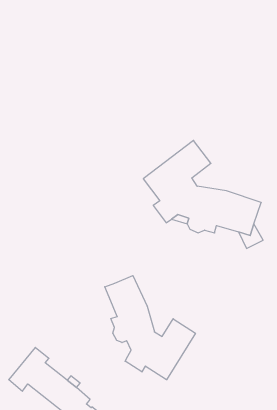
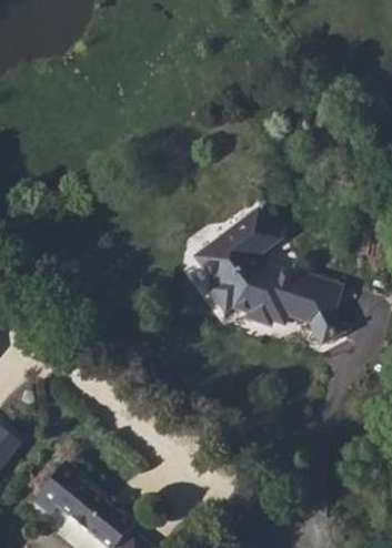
building: [105,276,195,380] -> none

